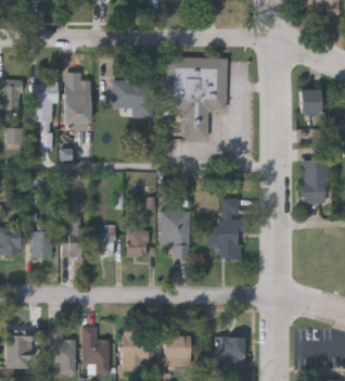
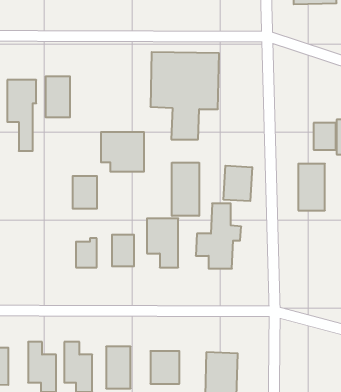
building: [113,80,153,117] -> [101,132,144,172]
building: [299,90,320,115] -> [314,123,336,150]
building: none -> [172,163,199,216]
building: none -> [224,166,252,201]
building: [63,226,86,256] -> [73,176,97,209]
building: [33,231,52,257] -> none

